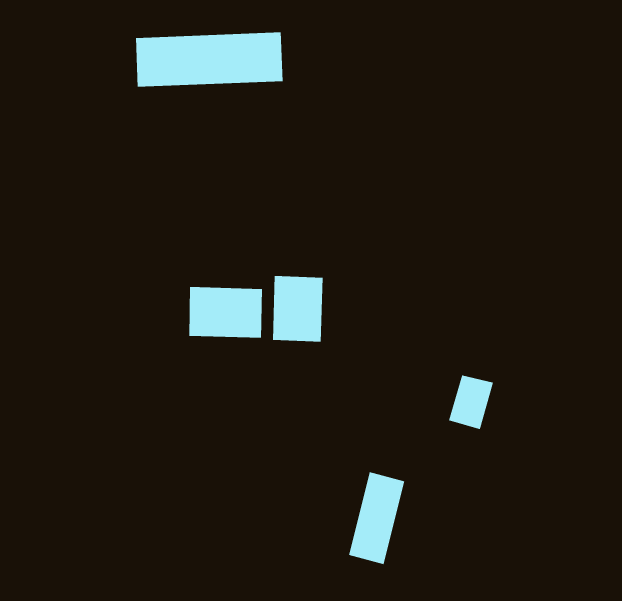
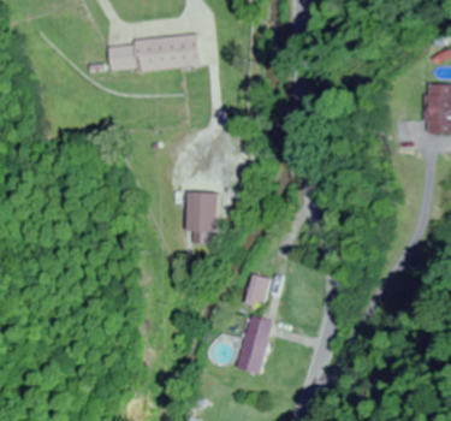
building: [189,286,263,339] -> none
building: [448,375,494,430] -> [239,274,268,309]

